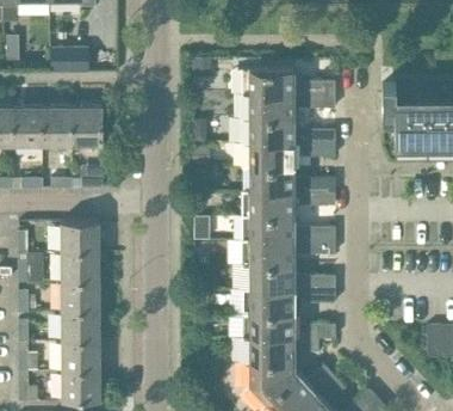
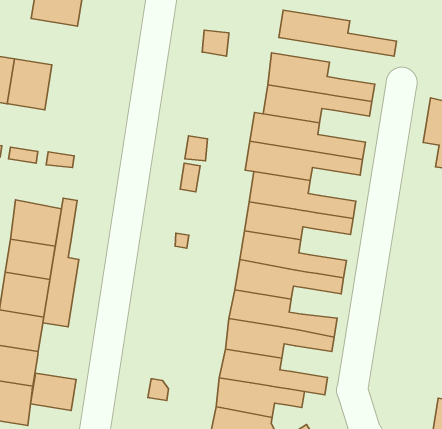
building: none -> [279,10,396,56]
building: [73,109,103,146] -> none
building: none -> [43,198,79,327]
building: none -> [30,373,76,411]

